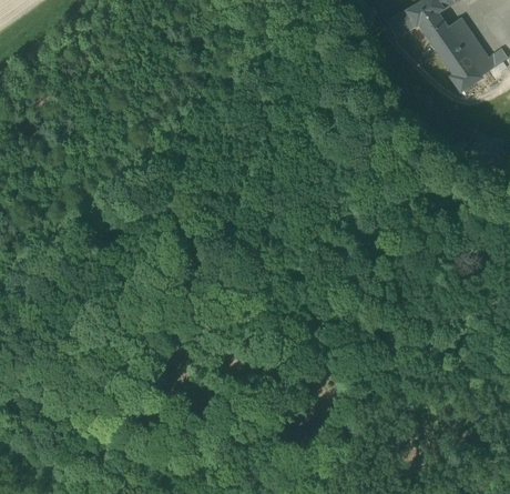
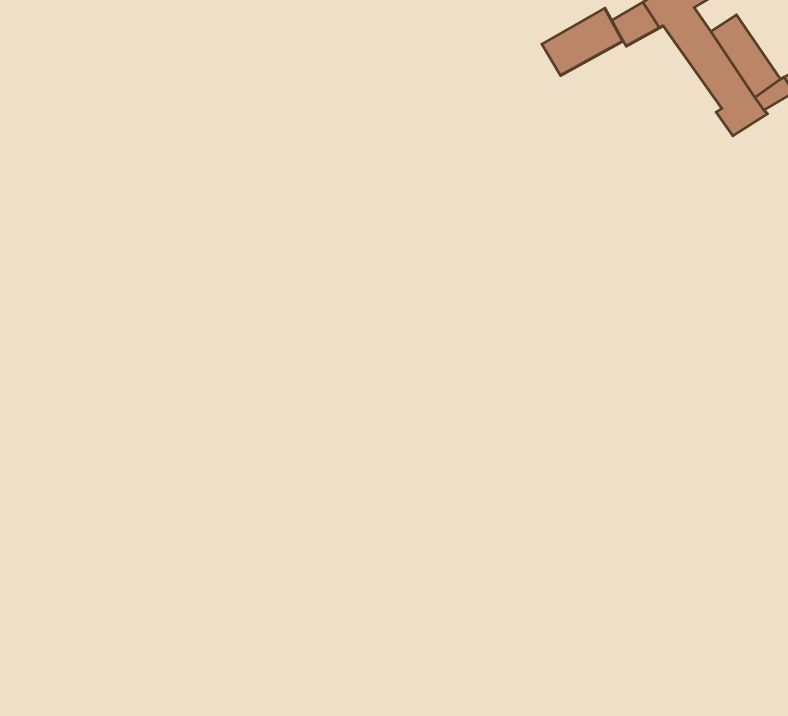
building: none -> [542,8,623,76]

